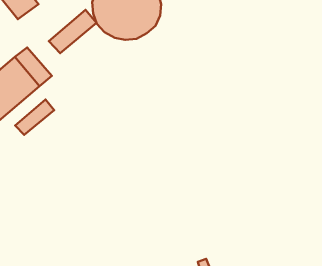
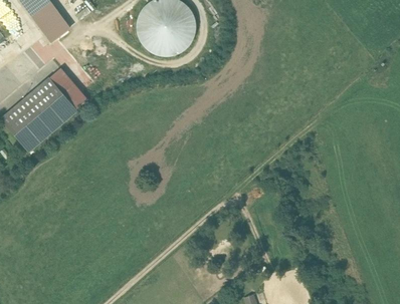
building: [49,10,97,53] -> none
building: [15,100,54,135] -> none

